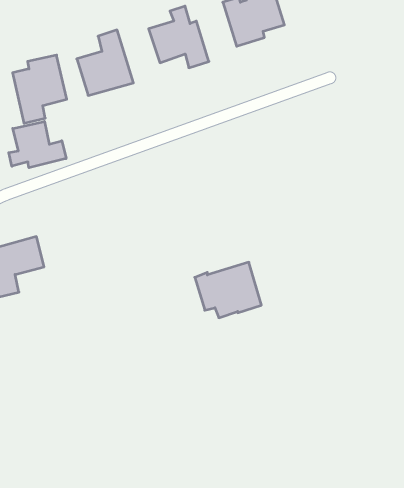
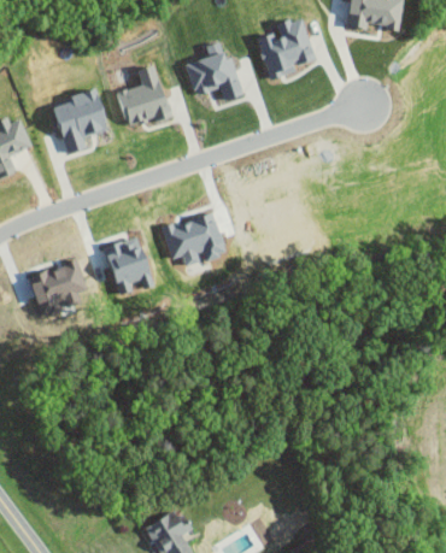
building: [9,121,66,168] -> none
building: none -> [107,242,152,294]
building: [195,262,261,318] -> [162,212,225,265]

